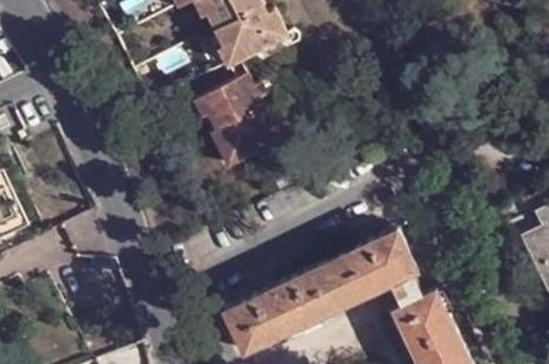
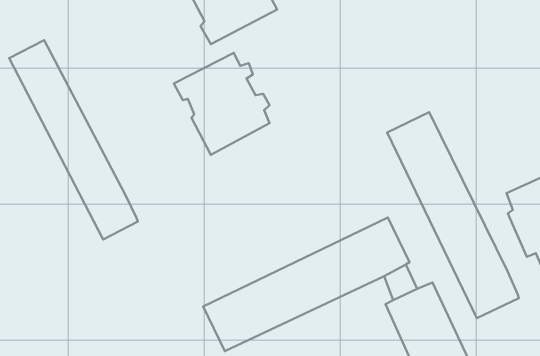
building: none -> [9,40,138,239]
building: none -> [387,112,519,318]

